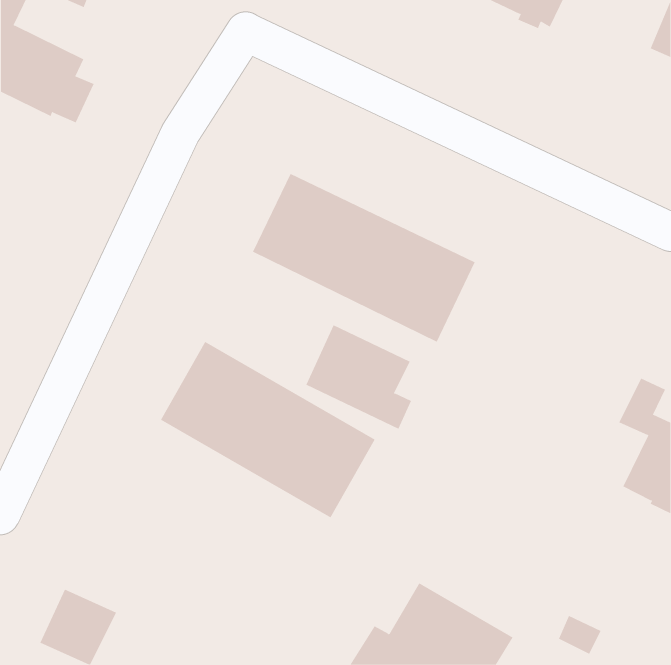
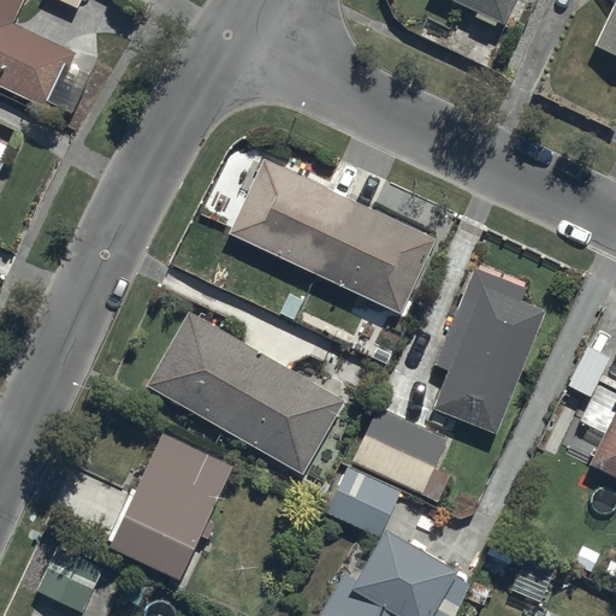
building: none -> [434,266,545,433]
building: [305,325,412,430] -> [353,405,450,502]
building: none -> [109,434,235,584]
building: none -> [322,463,401,535]

